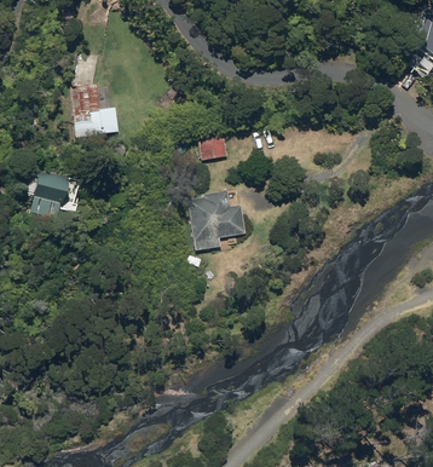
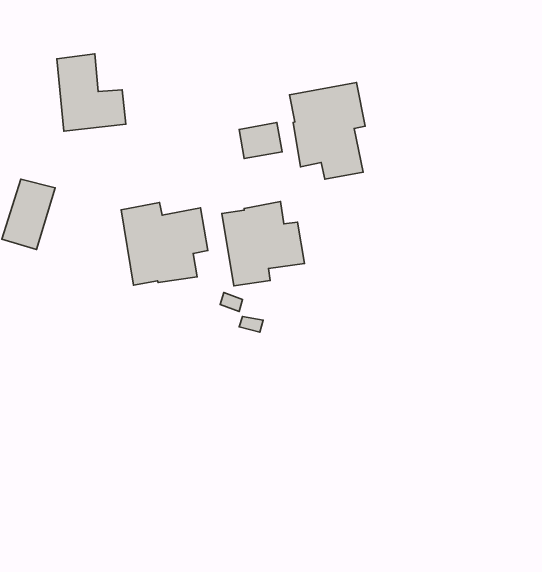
building: none -> [290,83,365,179]
building: none -> [121,203,208,285]

